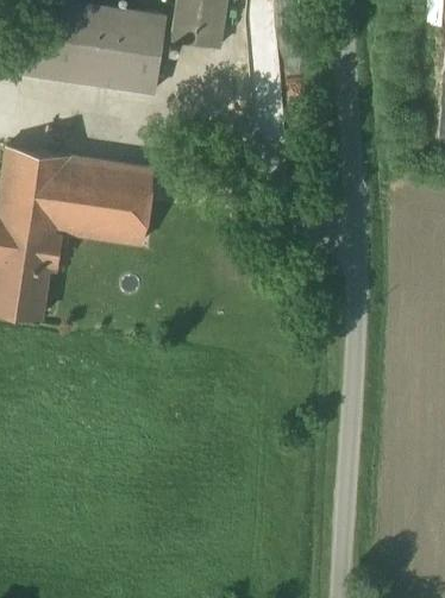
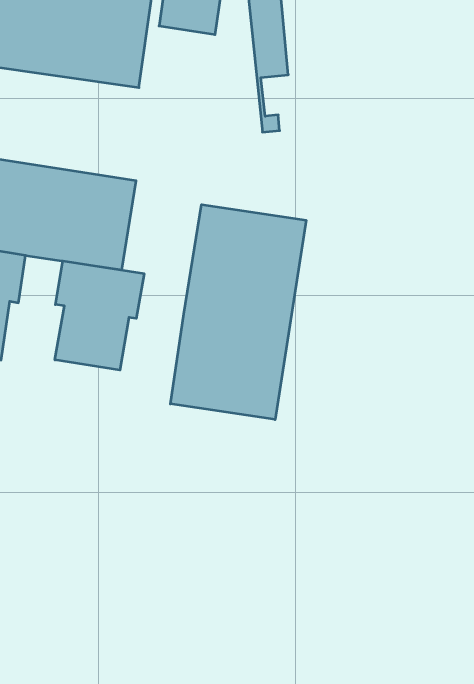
building: none -> [170,205,306,420]
building: none -> [55,261,144,370]

